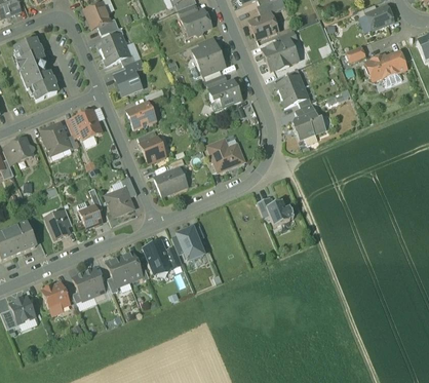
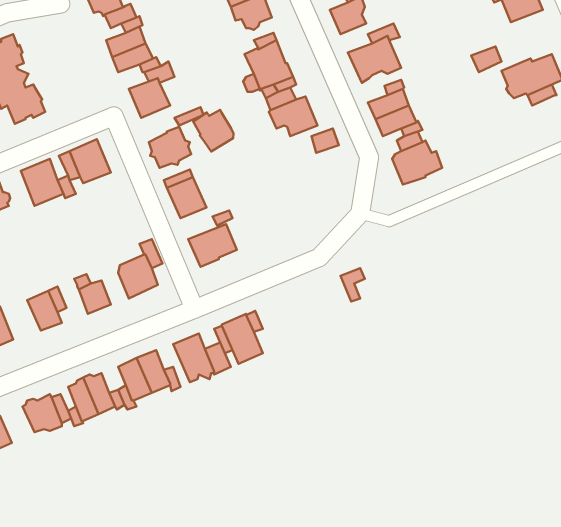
building: none -> [193,110,234,152]
building: [207,139,244,171] -> none
building: [266,200,294,226] -> none

